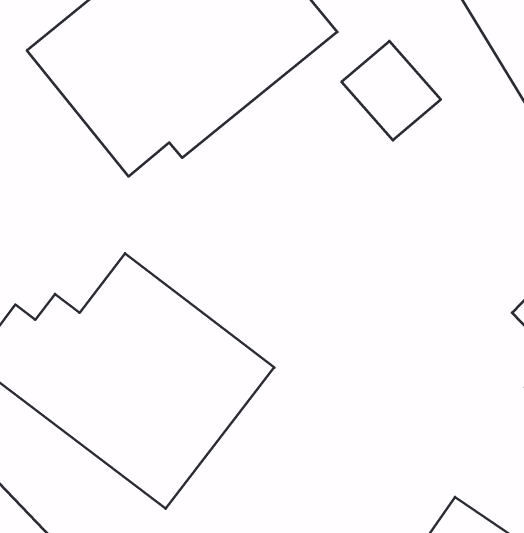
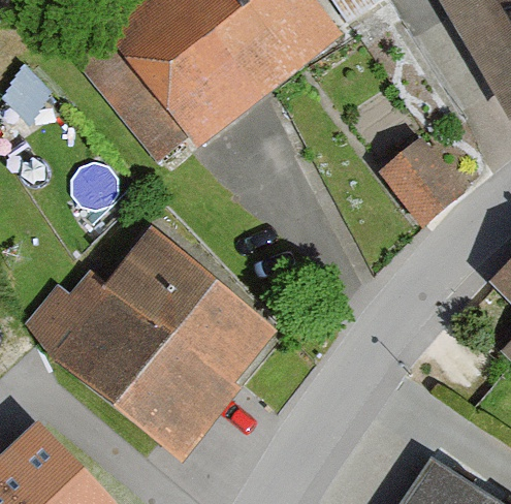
building: [342,41,441,140] -> [377,139,465,227]

